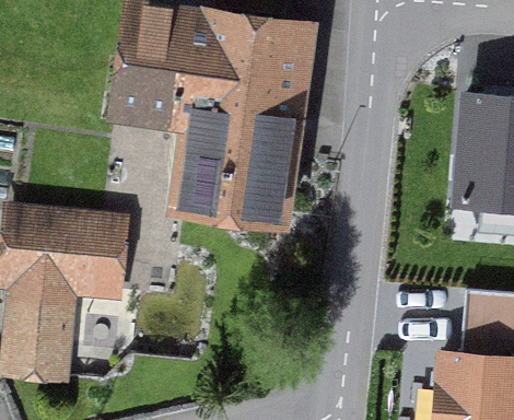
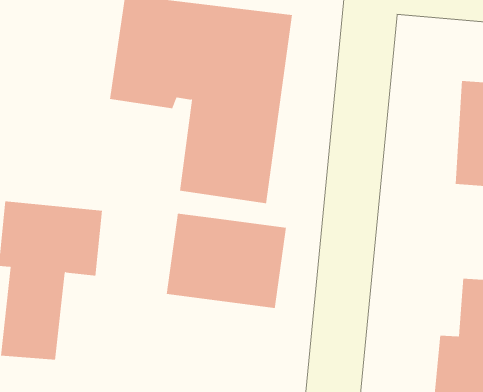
building: none -> [166,213,287,309]

